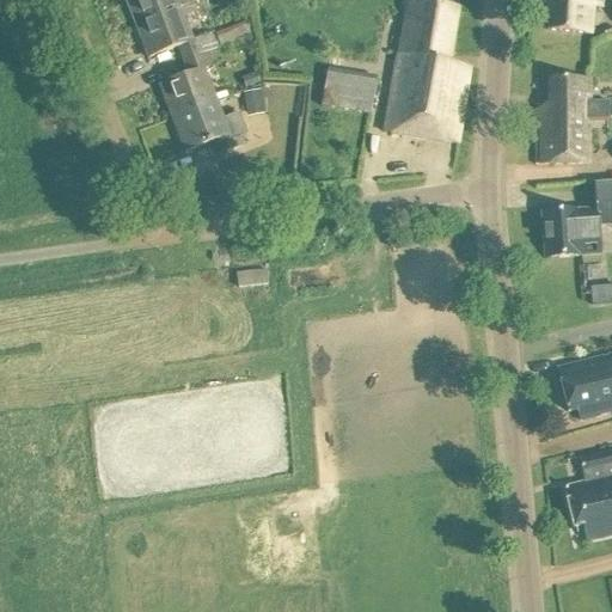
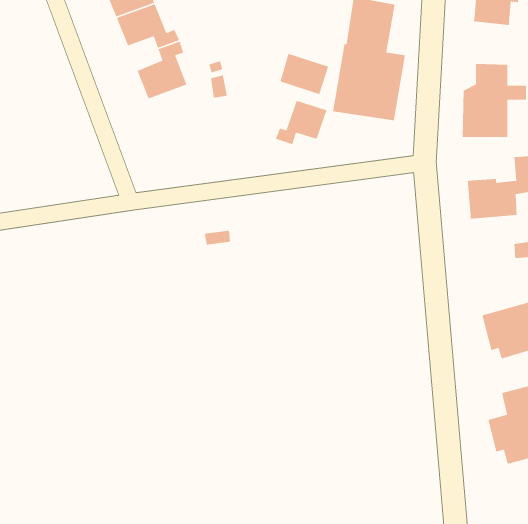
building: [172,98,249,151] -> none
building: none -> [275,100,327,145]

